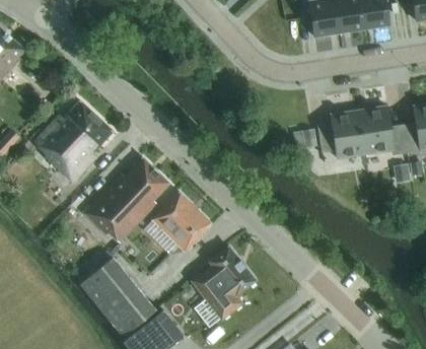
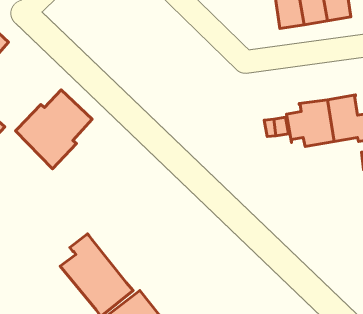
building: [84,157,169,240] -> none
building: [153,193,212,252] -> none
building: [192,246,257,321] -> none

